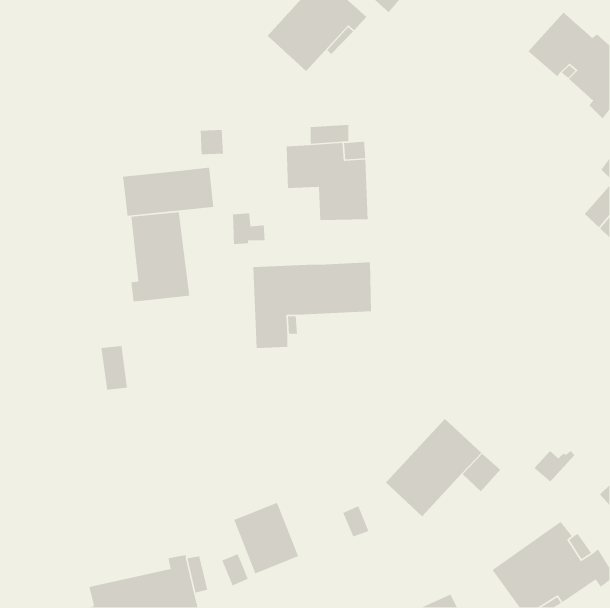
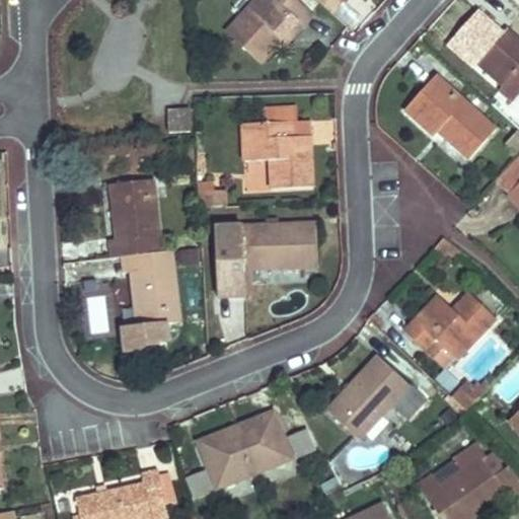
building: none -> [404,75,496,159]
building: [122,167,214,217] -> none
building: none -> [122,249,178,351]
building: none -> [403,293,495,368]
building: none -> [235,411,292,472]

